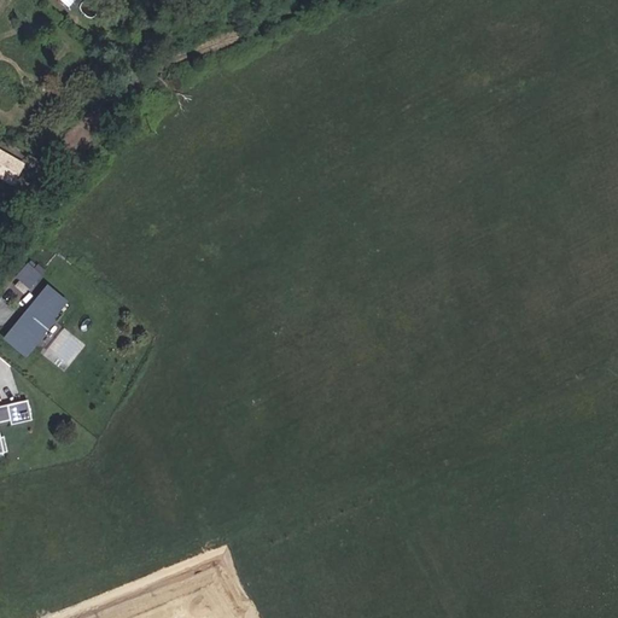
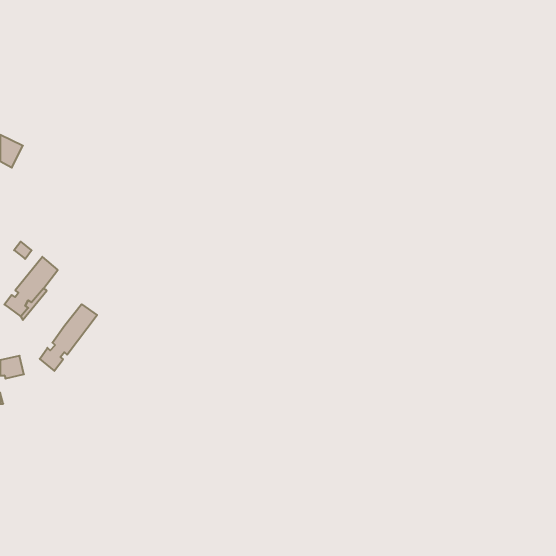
building: none -> [40,304,97,371]

